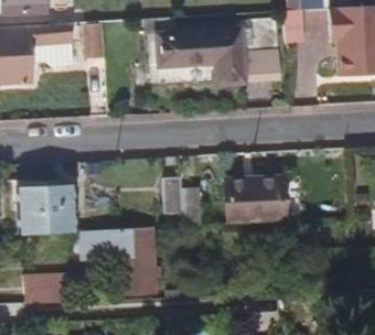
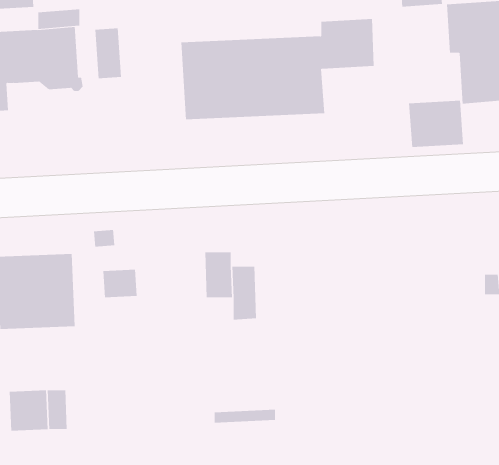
building: [244,50,282,83] -> [408,100,464,148]
building: [226,179,283,224] -> none
building: [82,227,159,293] -> none

